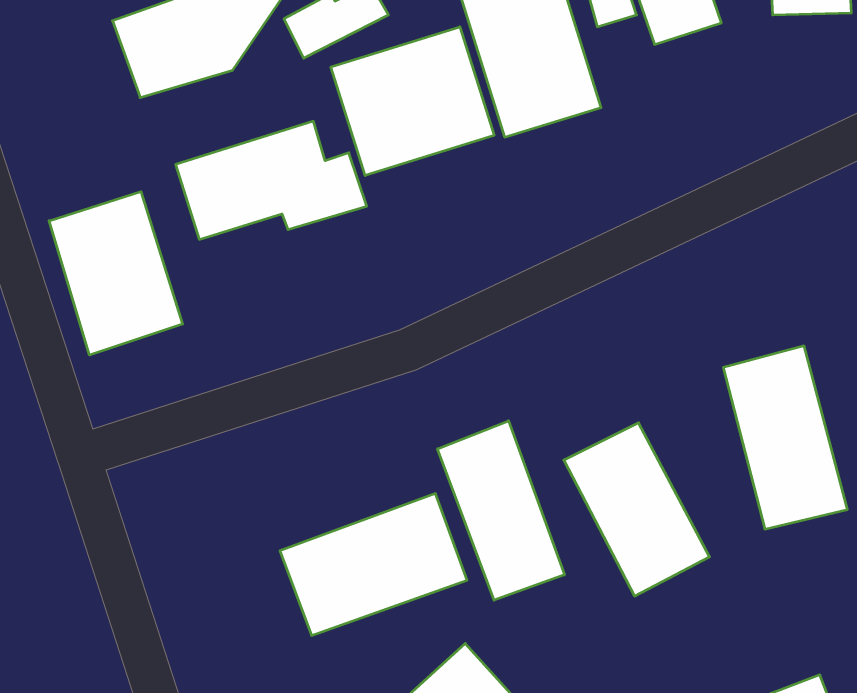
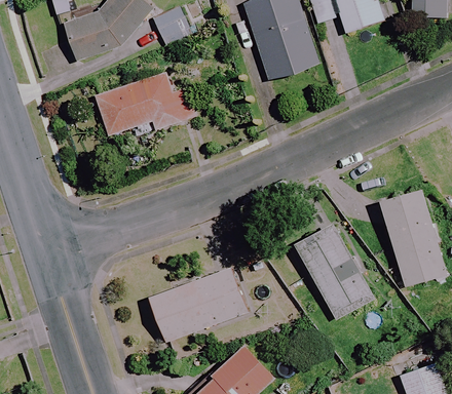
building: [331,27,494,176] -> none
building: [49,192,183,355] -> none
building: [438,421,564,600] -> none

